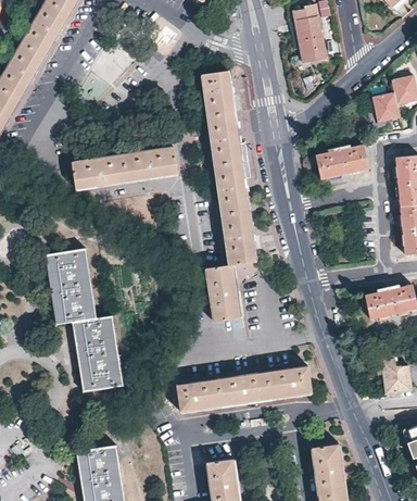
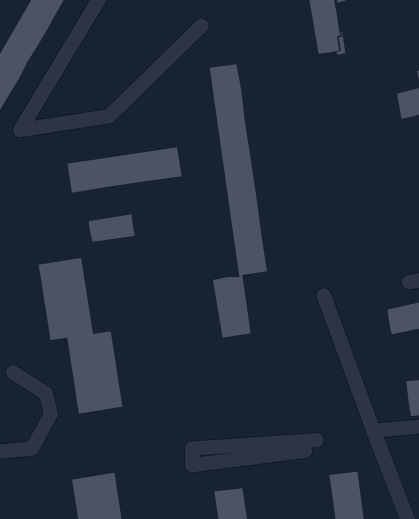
building: [316,146,369,179] -> none
building: none -> [88,214,135,242]
building: [176,365,312,412] -> none

